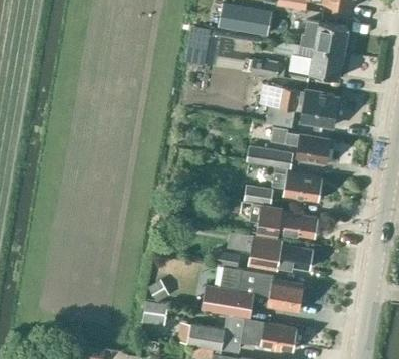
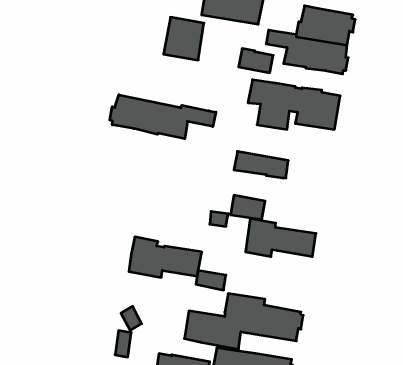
building: none -> [110,95,216,139]
building: [270,127,331,163] -> none
building: [271,167,324,201] -> none
building: [249,236,312,271] -> [129,237,202,277]

